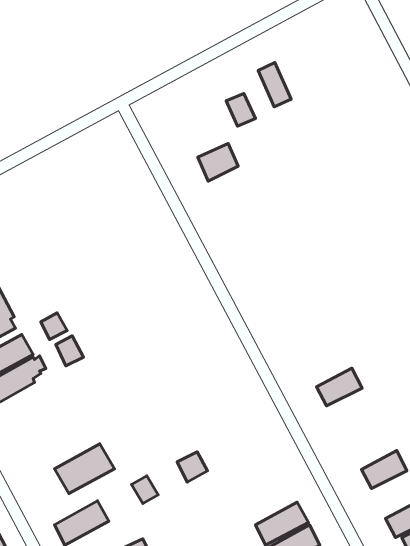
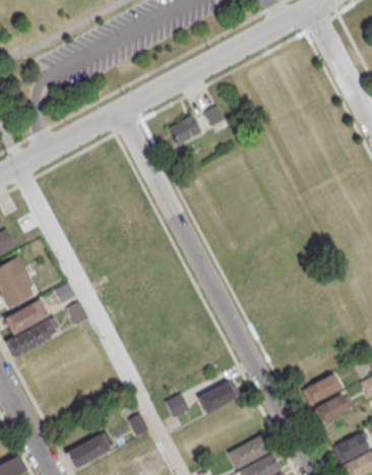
building: [258,62,291,107] -> none
building: [198,143,238,181] -> [169,115,201,145]
building: [317,368,362,406] -> [303,373,339,404]
building: none -> [197,381,237,413]
building: [54,444,114,494] -> none

